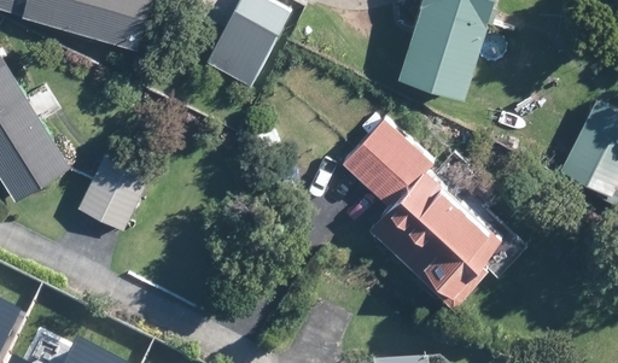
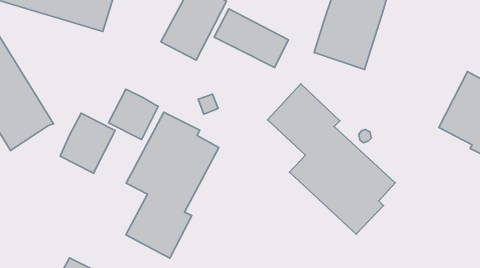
building: none -> [214,9,288,68]
building: none -> [108,89,158,140]
building: none -> [126,112,219,258]

